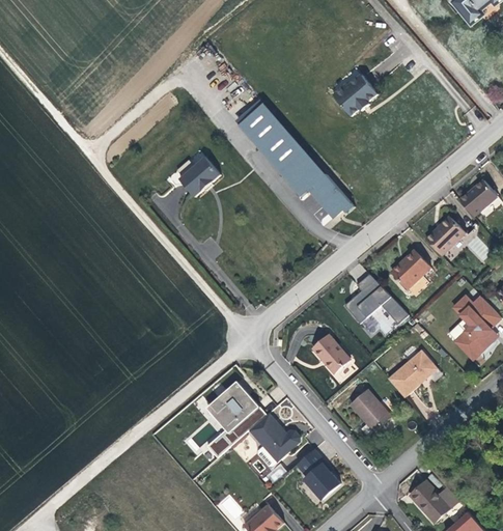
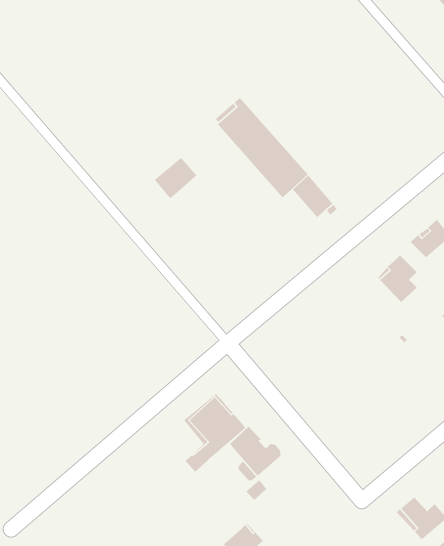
building: [328,66,378,116] -> none
building: [343,275,407,325] -> none
building: [312,337,348,373] -> none
building: [388,351,437,398] -> none
building: [352,391,392,432] -> none
building: [297,449,340,500] -> none

